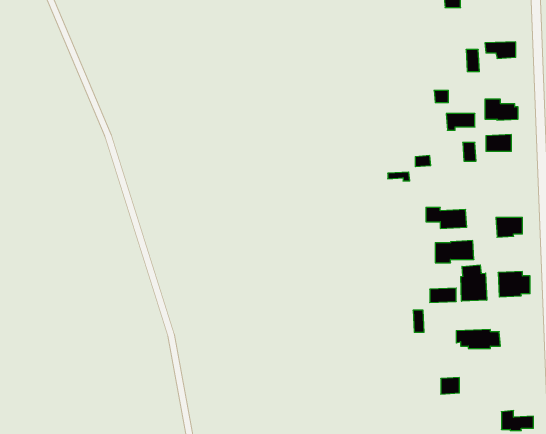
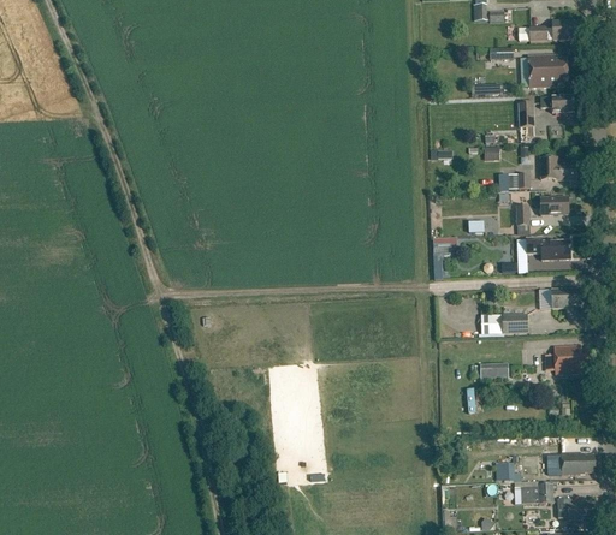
building: none -> [528,57,567,88]
building: [426,207,467,228] -> [526,238,570,261]
building: [461,265,487,301] -> none
building: [456,330,500,348] -> [546,453,594,474]
building: none -> [521,483,553,504]

